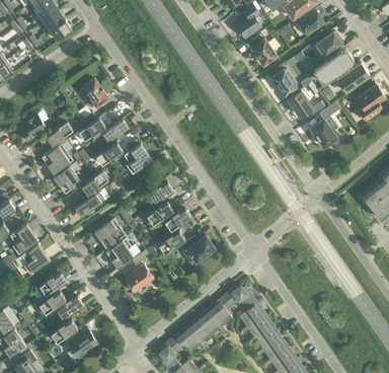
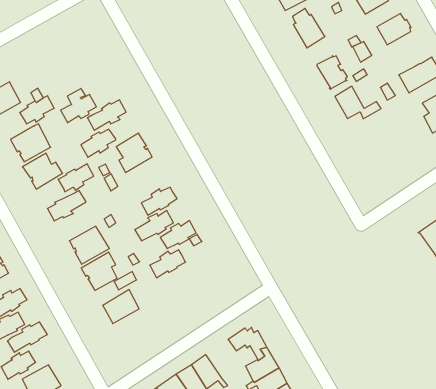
building: [314,51,354,84] -> none
building: [81,79,107,107] -> none
building: [311,120,343,150] -> none
building: [181,236,215,263] -> none
building: [208,297,232,327] -> none

